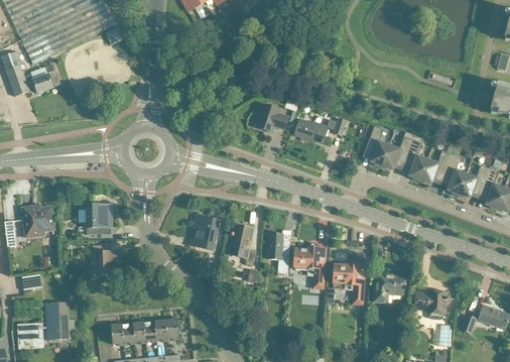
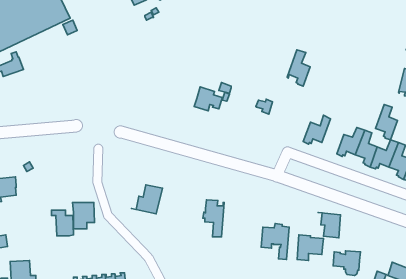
building: [295,120,328,143] -> none
building: [363,125,389,166] -> [287,50,310,86]
building: [402,140,427,180] -> [375,105,397,140]
building: [86,204,111,234] -> [73,202,95,229]
building: [228,224,256,265] -> none
building: [293,242,326,285] -> none
building: none -> [318,213,341,238]

